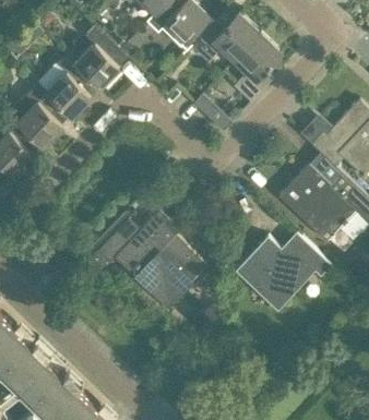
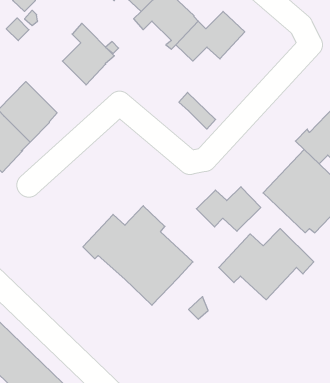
building: [234,34,281,103] -> none
building: [38,55,98,117] -> none
building: none -> [196,187,261,231]

